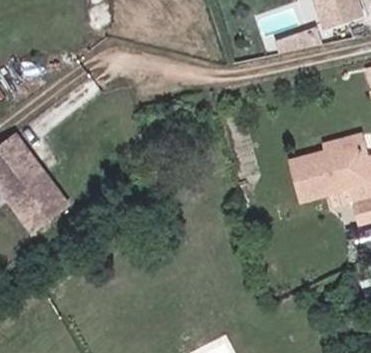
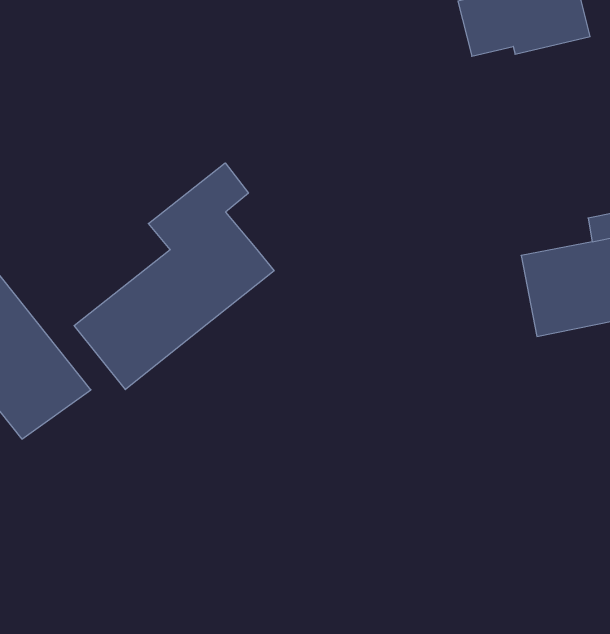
building: none -> [74,163,274,390]

